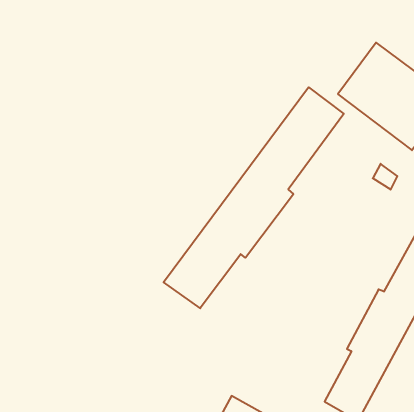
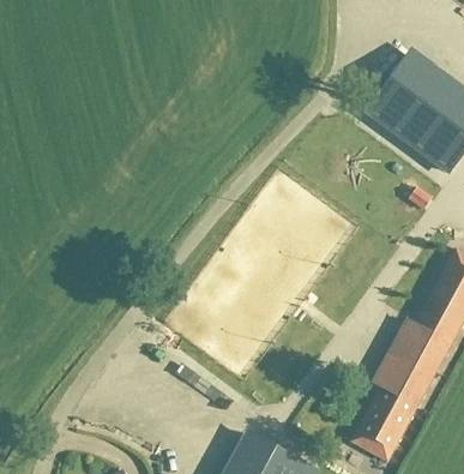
building: [164,87,344,308] -> none

